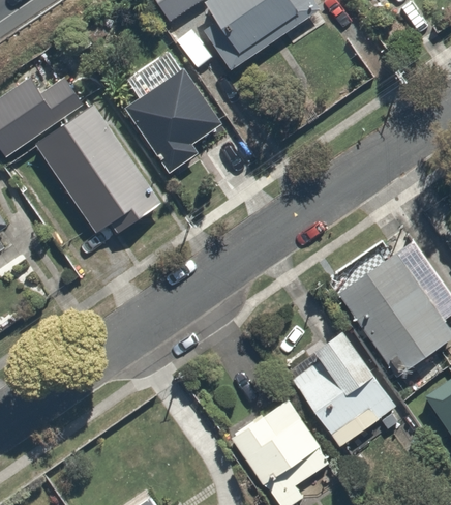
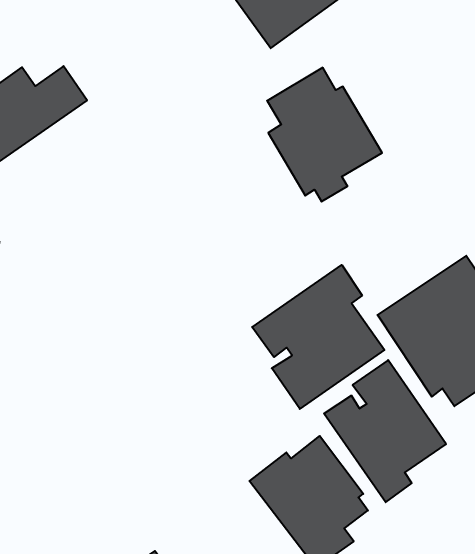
building: [123,51,223,168] -> [267,68,382,202]
building: [34,105,152,233] -> none
building: none -> [252,265,384,409]

